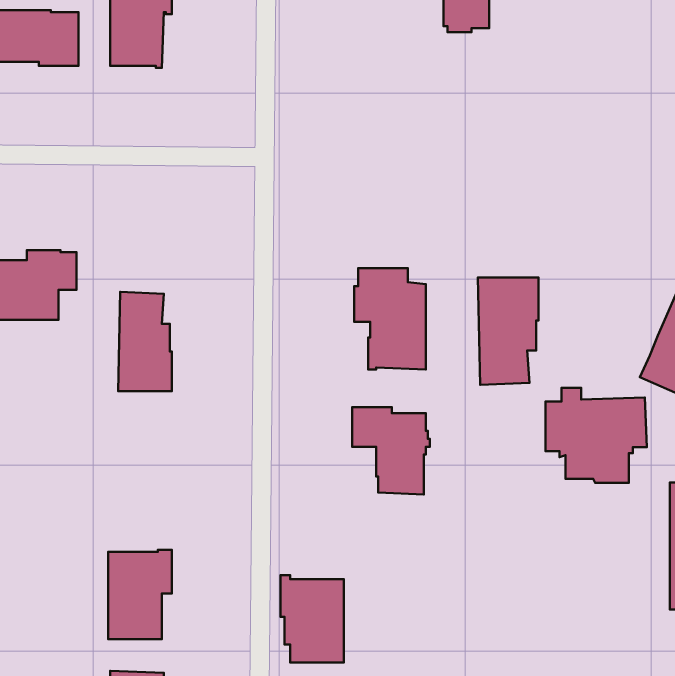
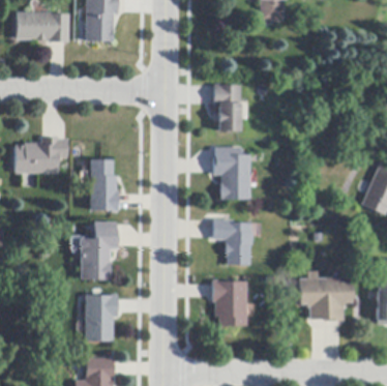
building: none -> [214,84,241,131]
building: [478,277,538,385] -> none
building: [546,388,647,483] -> [299,271,352,321]
building: none -> [80,221,118,280]
building: [280,575,344,662] -> [212,279,245,325]

